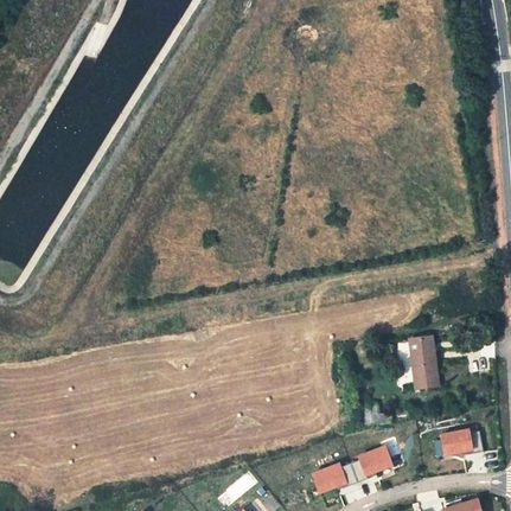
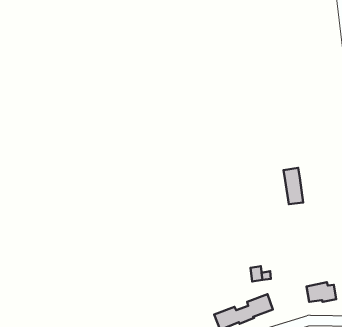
building: [409,337,436,388] -> [284,168,303,204]

